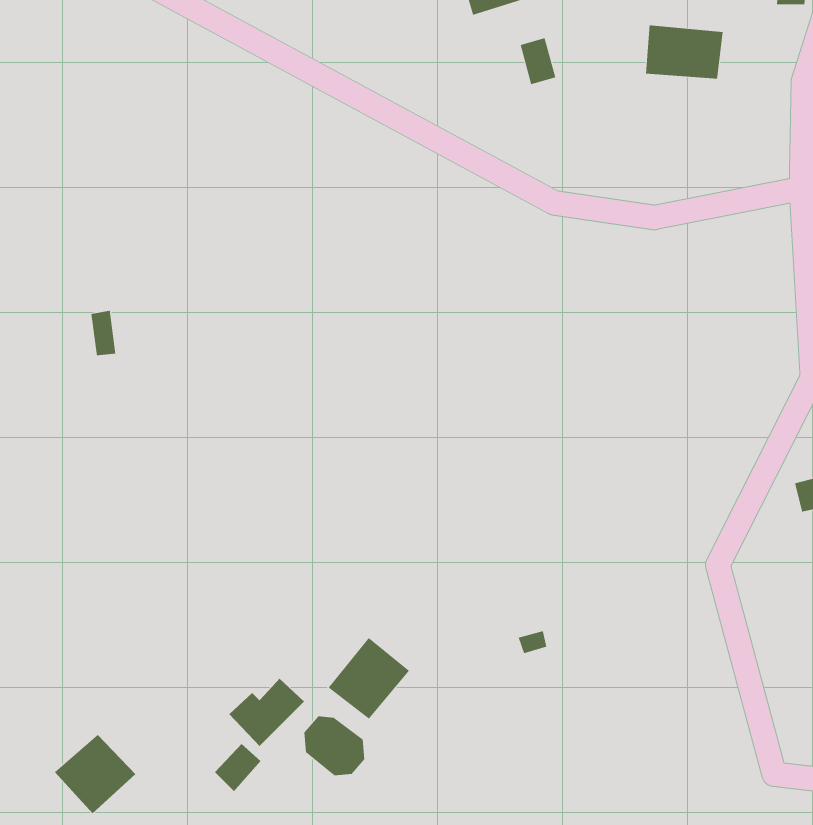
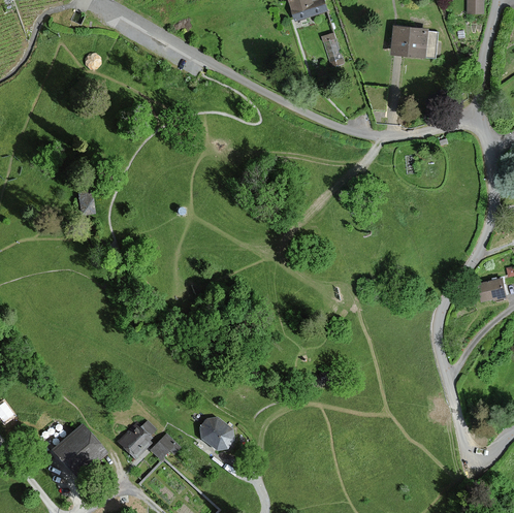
building: [328,637,410,719] -> none
building: [229,678,305,747] -> [116,420,159,459]

